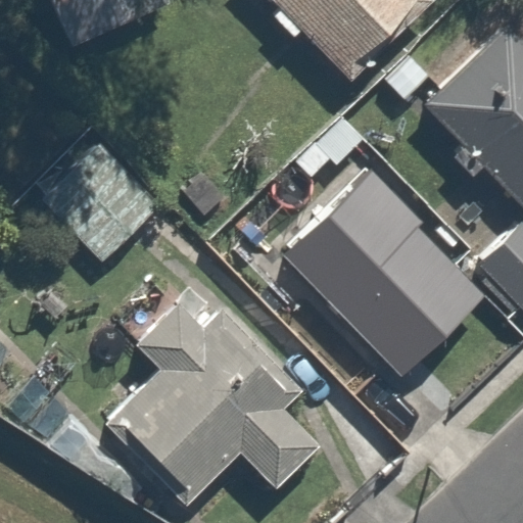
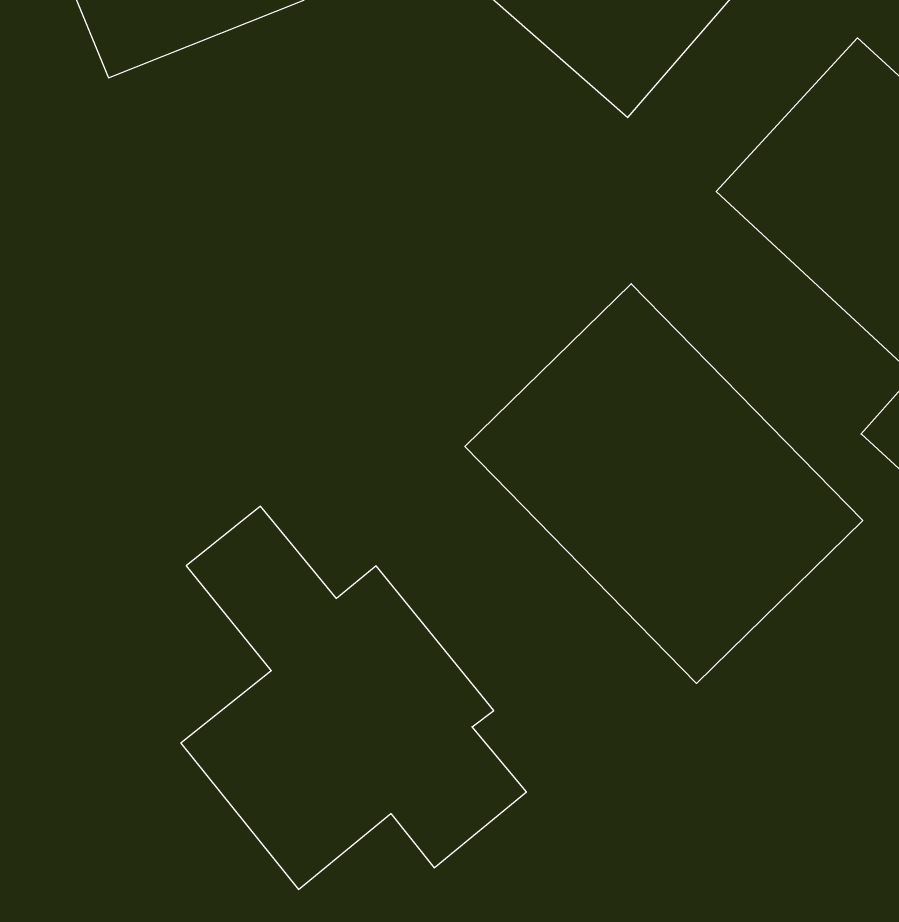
building: [35,133,167,265] -> none

